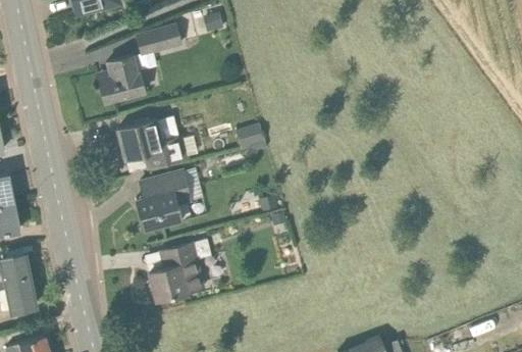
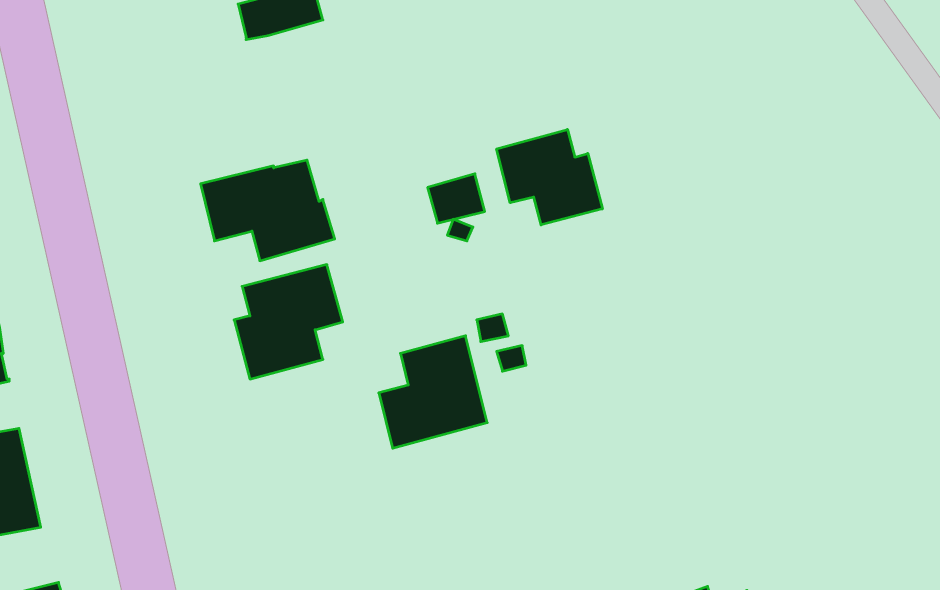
building: [96,56,145,103] -> none
building: none -> [497,129,602,225]
building: [149,243,205,301] -> [379,336,487,448]

